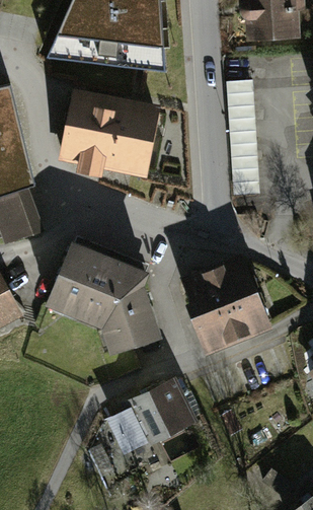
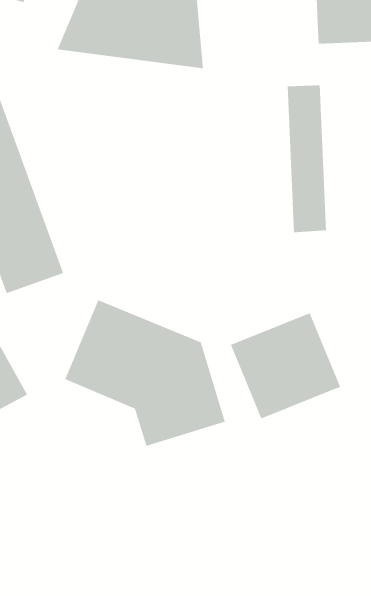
building: [53,82,157,172] -> none
building: [111,384,199,458] -> none

